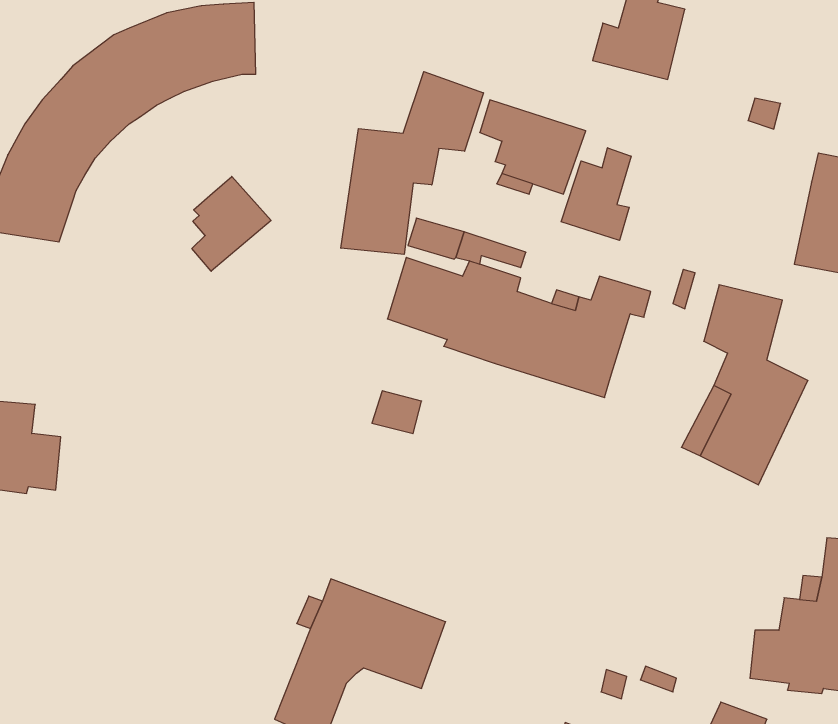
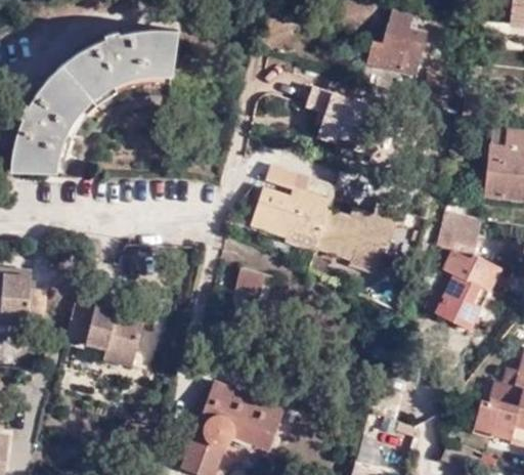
building: [341,72,483,254] -> none
building: [561,148,631,240] -> none
building: [192,176,271,271] -> none
building: none -> [68,306,146,370]

